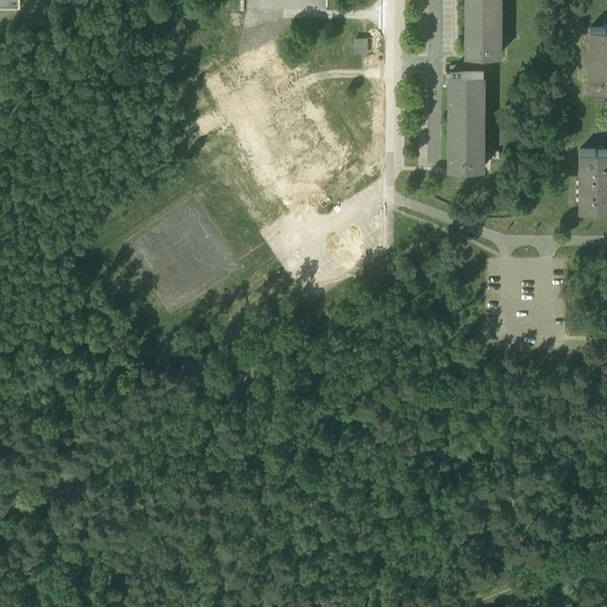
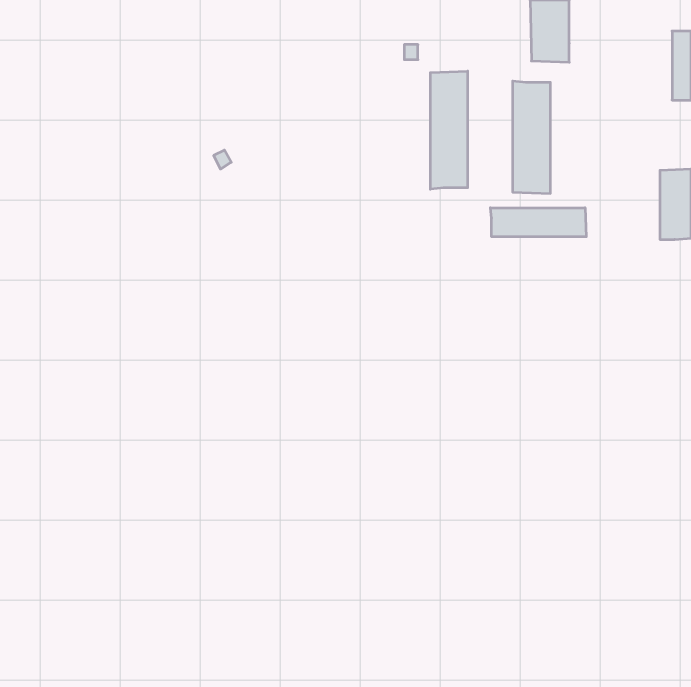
building: none -> [430,71,468,189]
building: none -> [490,208,586,237]

